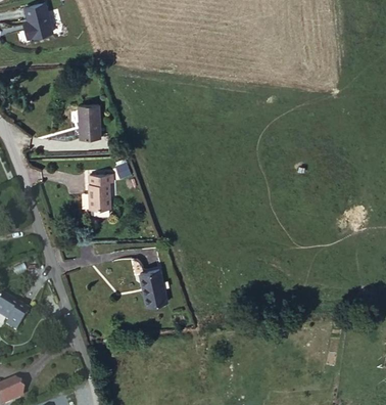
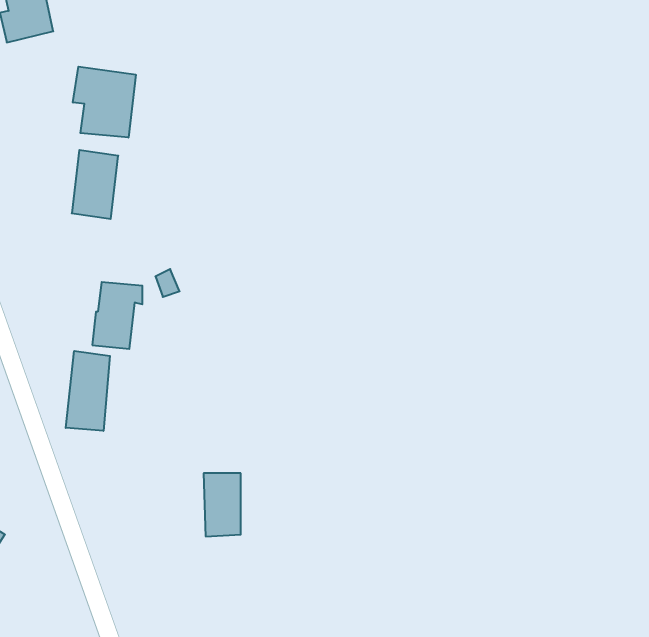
building: none -> [73,67,136,138]
building: none -> [66,351,110,431]

